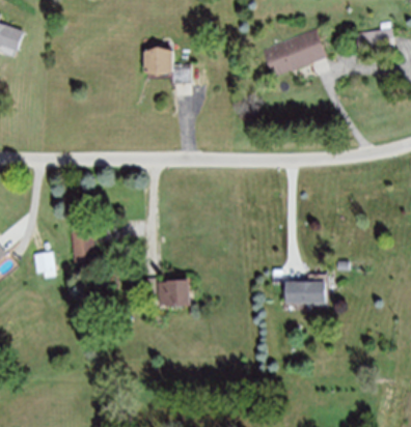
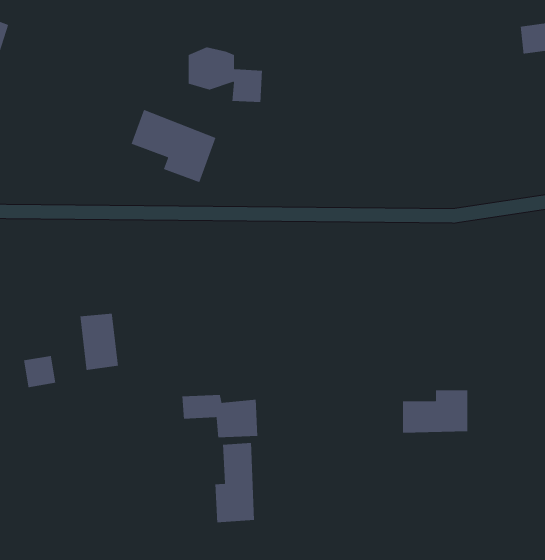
building: [262,28,327,79] -> none
building: none -> [131,109,216,183]
building: none -> [214,442,255,523]

